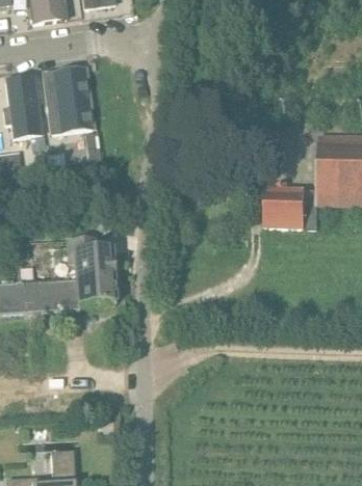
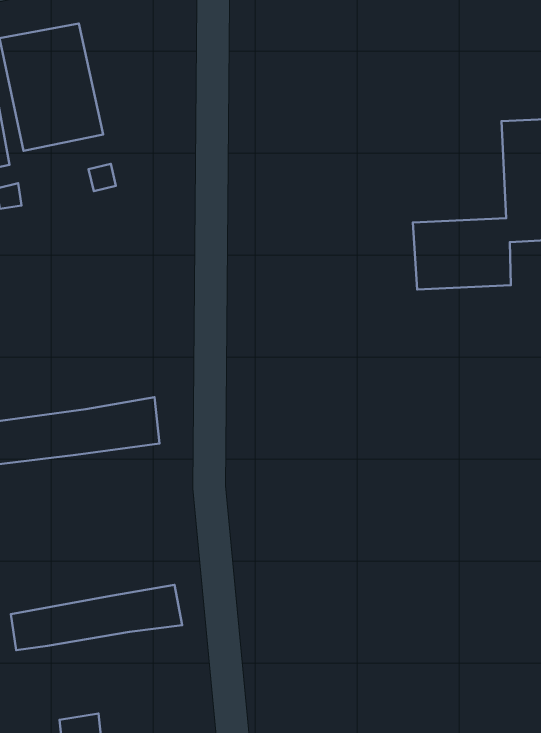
building: [67,237,114,280] -> none
building: none -> [11,585,182,650]

